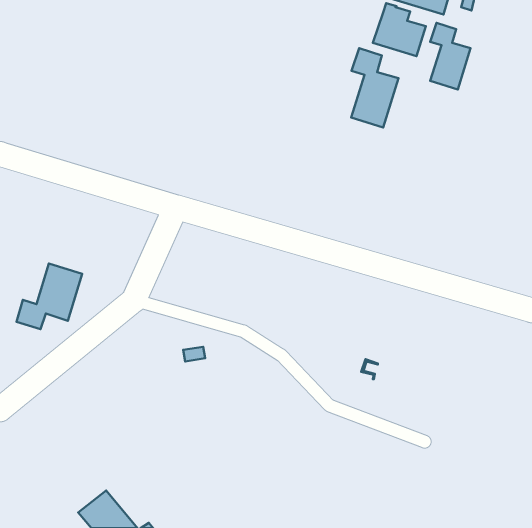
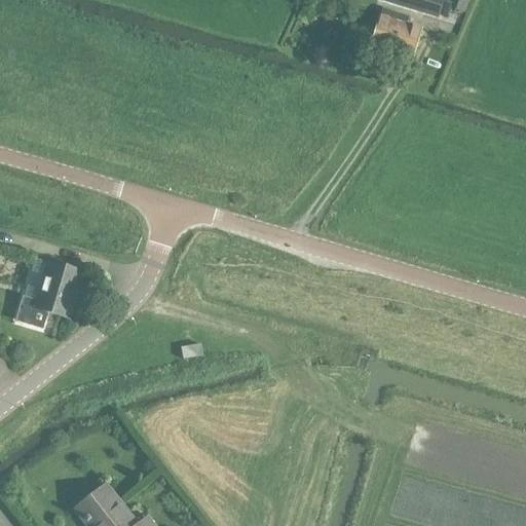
building: [430,23,471,89] -> none
building: [351,48,398,128] -> none

